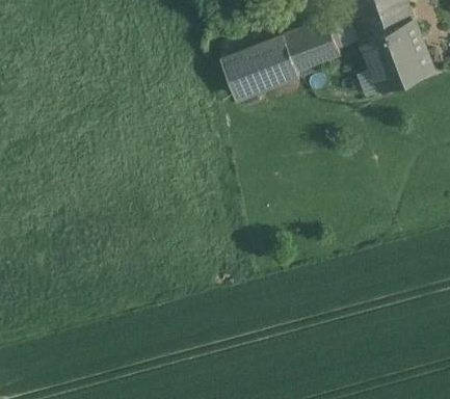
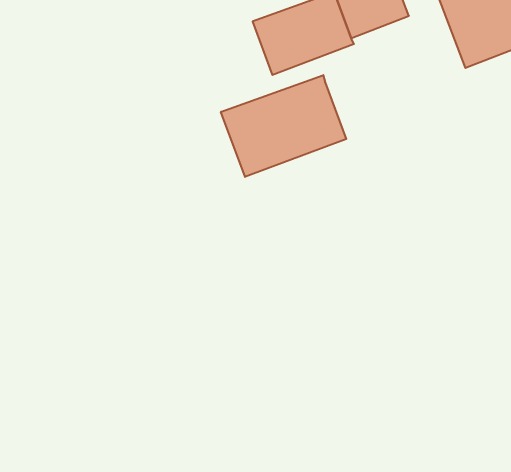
building: none -> [221,75,346,177]

